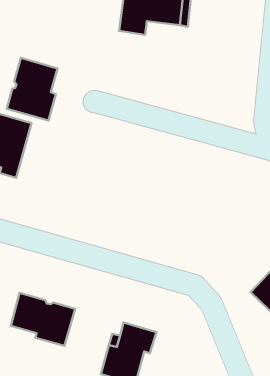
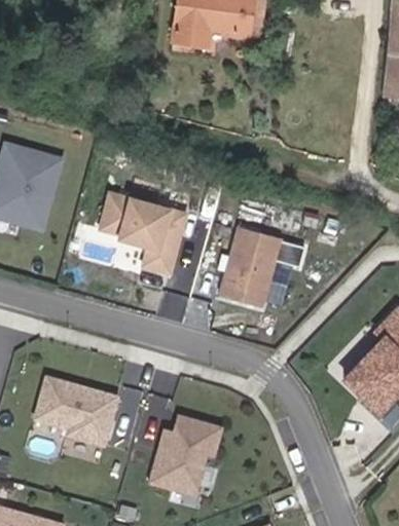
building: [7,58,57,121] -> none
building: none -> [100,195,186,275]
building: none -> [220,227,281,308]

